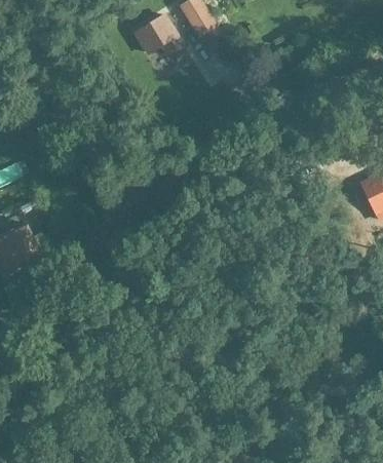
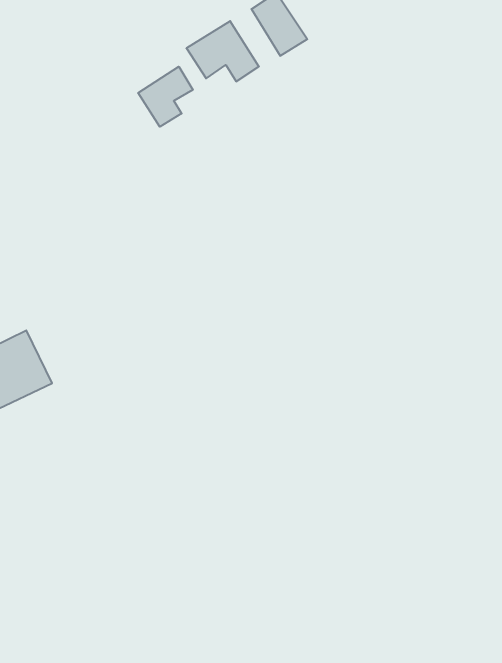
building: none -> [138,67,193,127]

